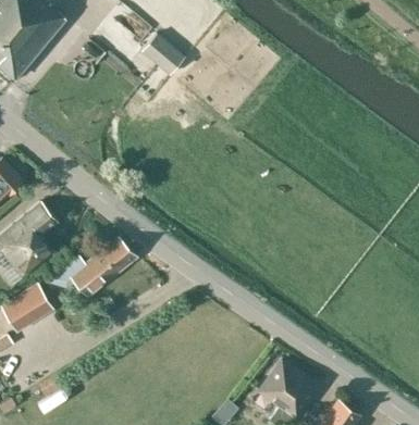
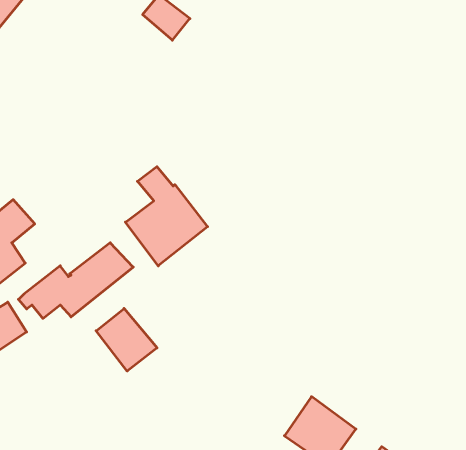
building: none -> [125,167,208,266]
building: none -> [96,308,157,371]

